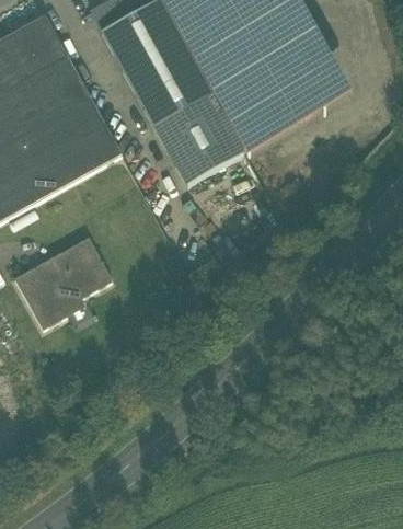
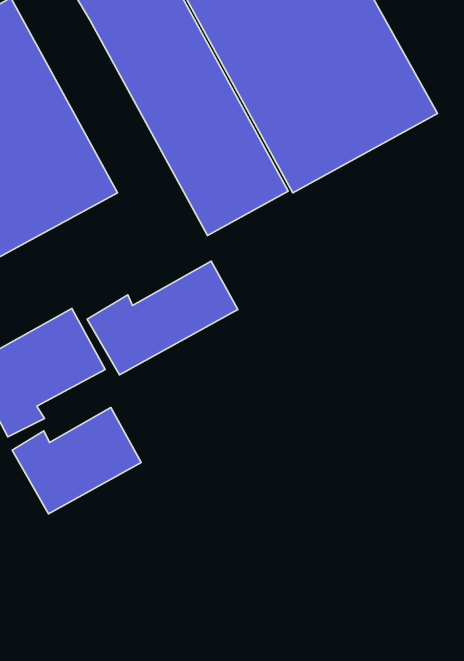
building: none -> [87,261,238,375]
building: none -> [12,408,141,514]

